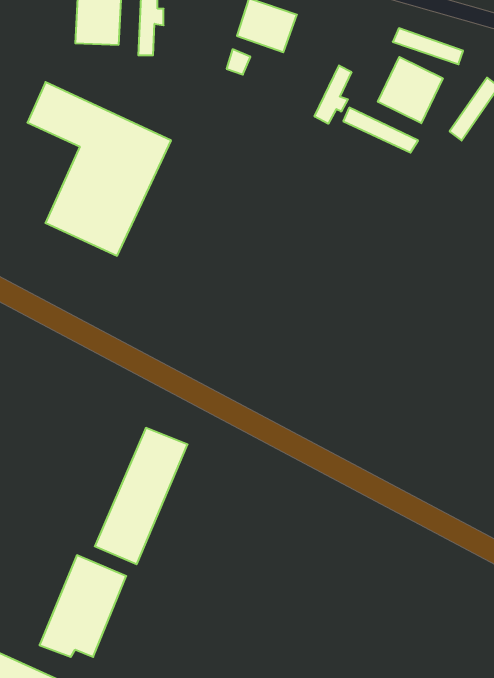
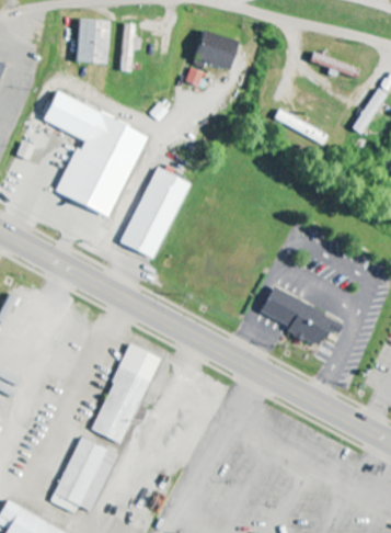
building: [378,57,443,123] -> none
building: [315,65,351,124] -> none
building: none -> [119,167,189,259]
building: none -> [260,288,343,347]

